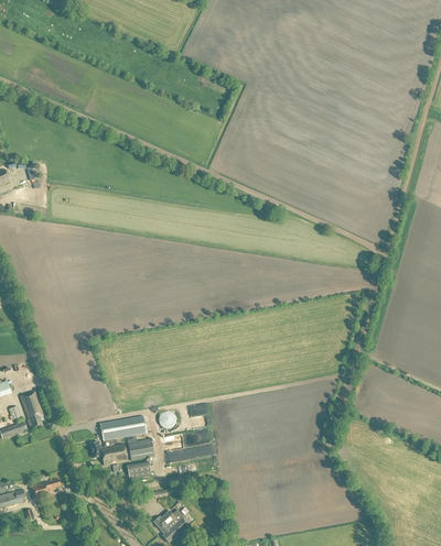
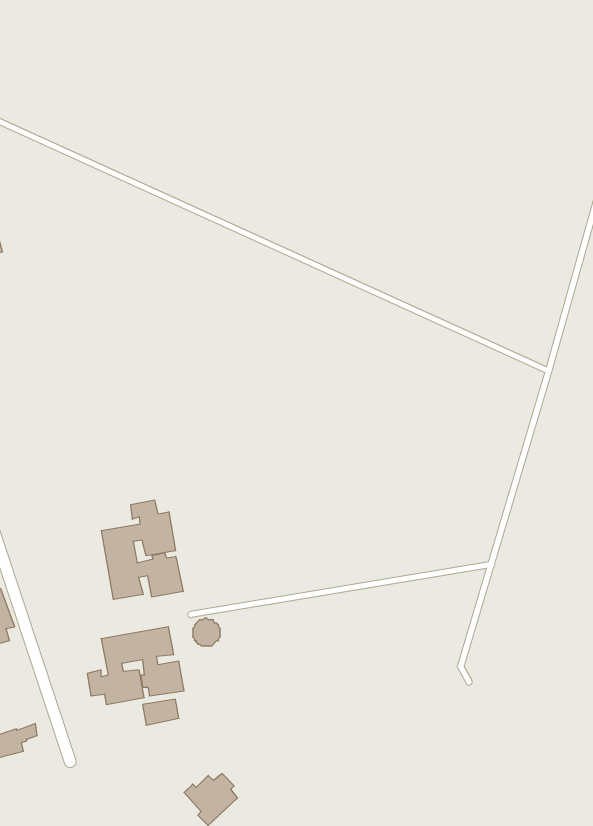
building: none -> [101,500,183,600]

